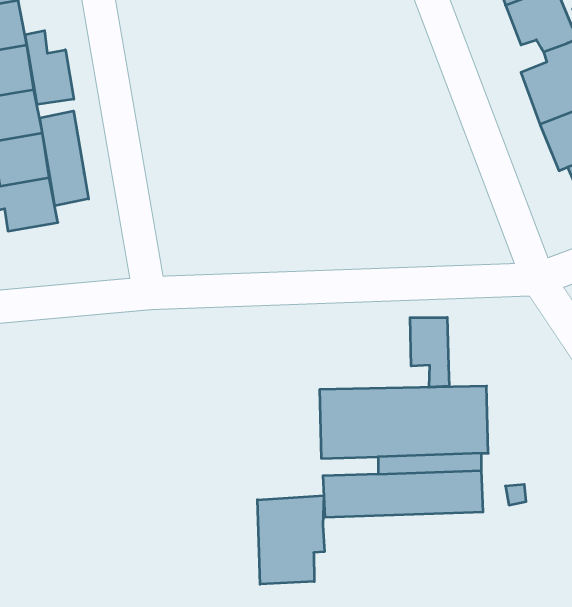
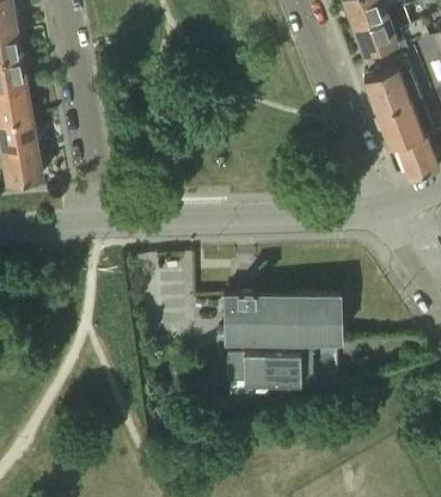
building: [25,31,74,105] -> none
building: [40,111,89,206] -> none
building: [410,317,449,387] -> none
building: [257,495,324,584] -> none

